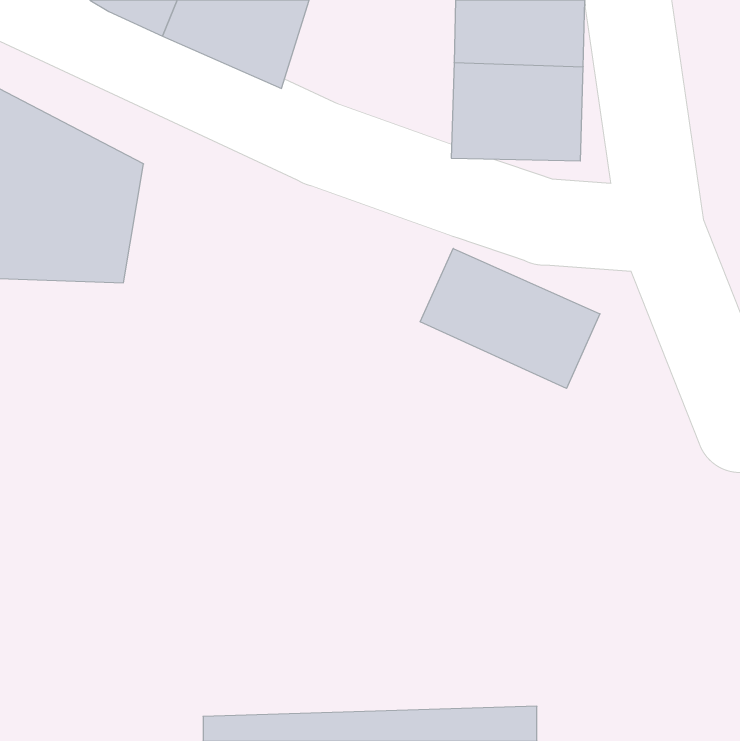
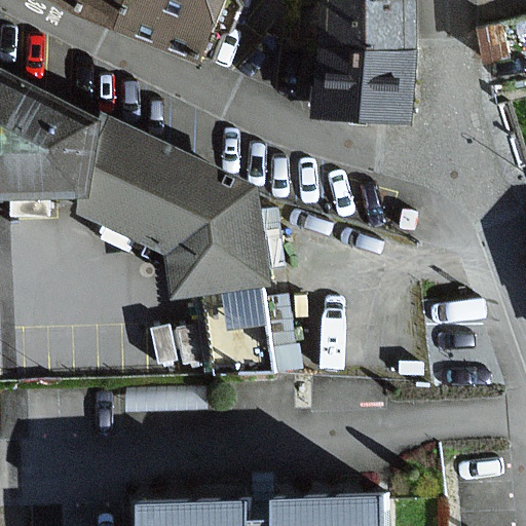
building: none -> [85,116,269,293]
building: [420,248,600,388] -> none

